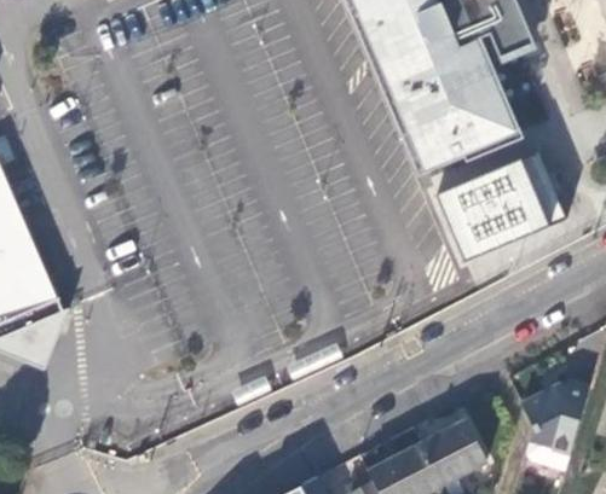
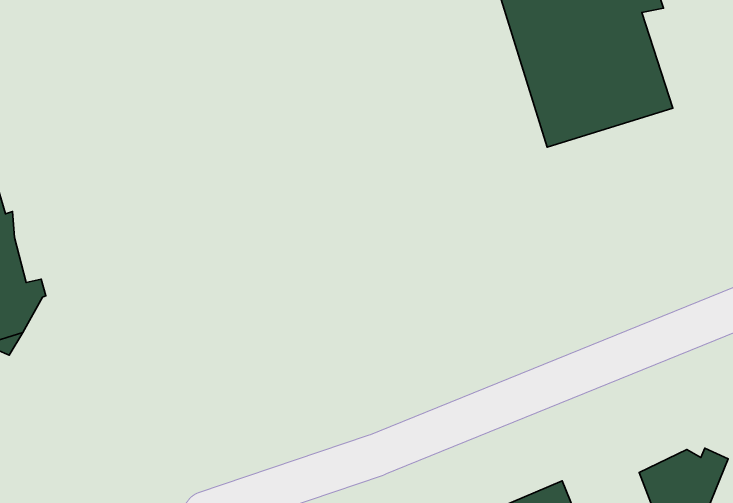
building: [437,153,554,263] -> none

